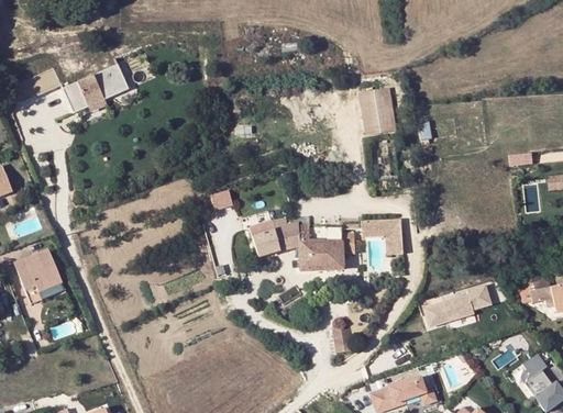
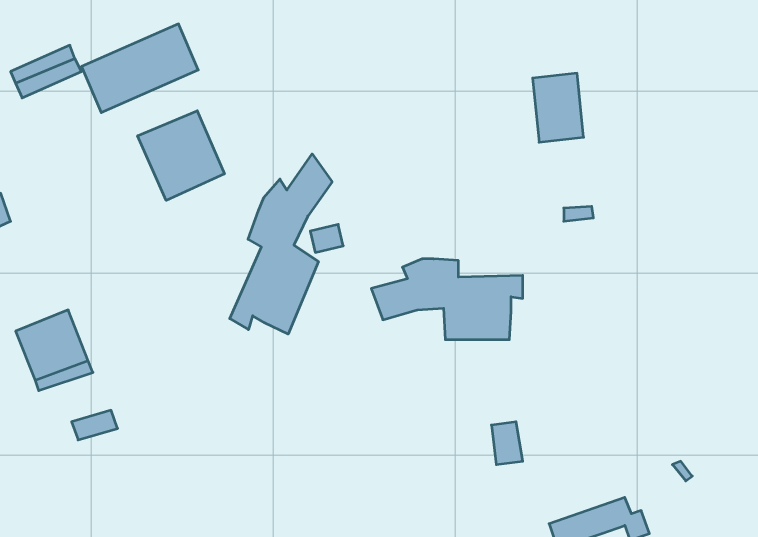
building: none -> [138,111,224,200]
building: none -> [230,154,332,334]
building: [360,219,401,256] -> none
building: [422,286,489,326] -> none

